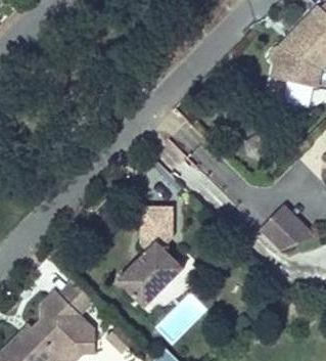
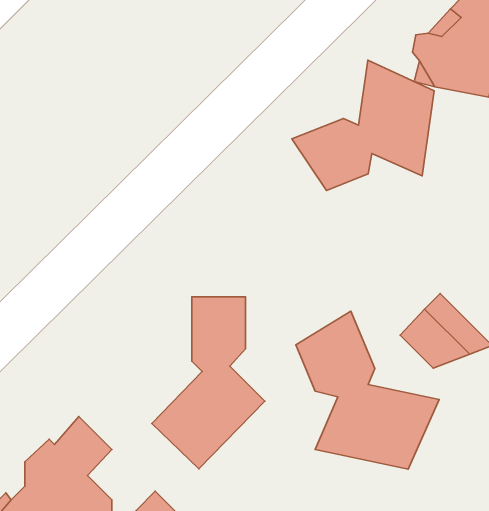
building: none -> [292,60,434,190]
building: none -> [296,311,439,469]

